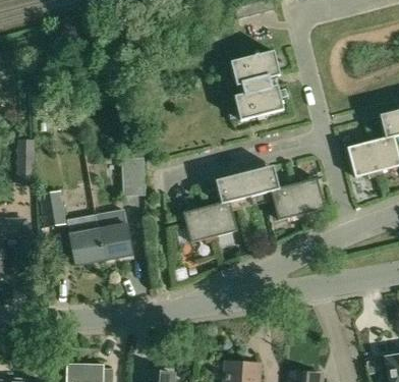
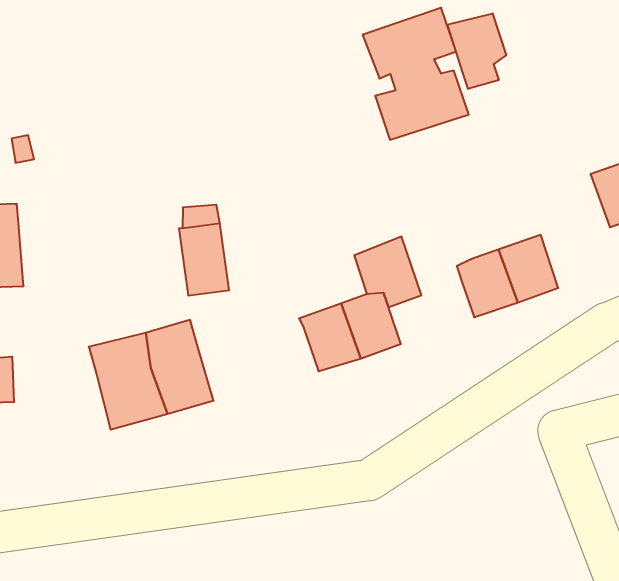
building: none -> [448,13,506,89]
building: [241,165,278,205] -> none
building: [43,189,65,225] -> none

